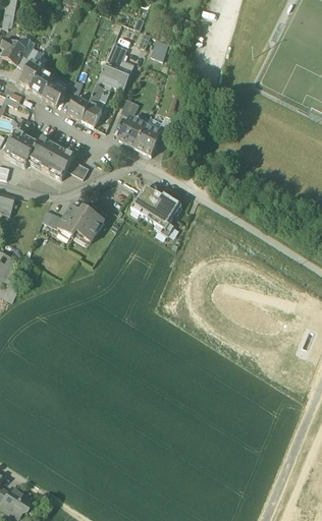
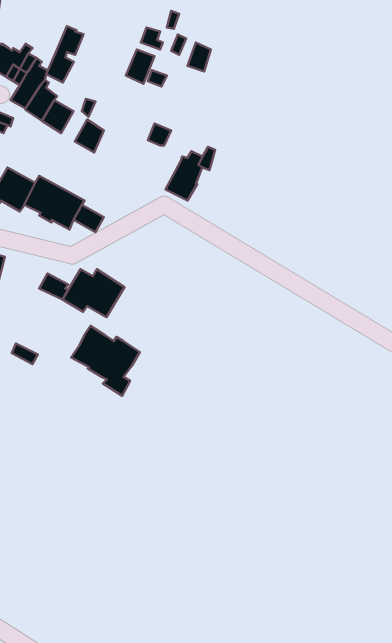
building: [98,63,130,91] -> none
building: [82,84,109,126] -> [46,26,83,82]
building: [118,117,146,148] -> none
building: [130,185,181,237] -> [71,326,140,396]

